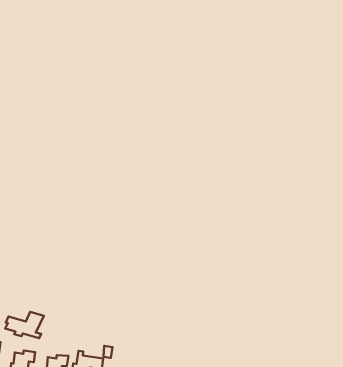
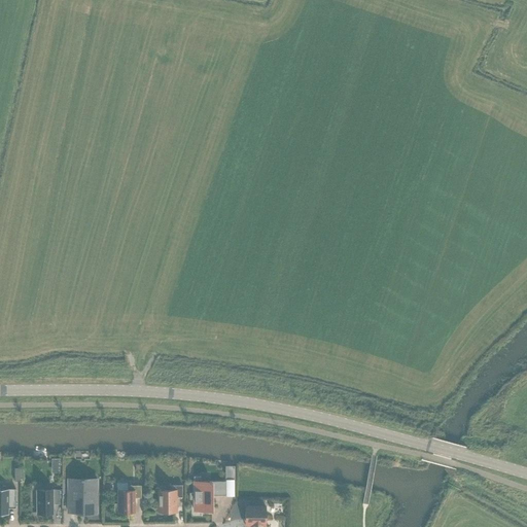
building: [5,312,44,338] -> none

